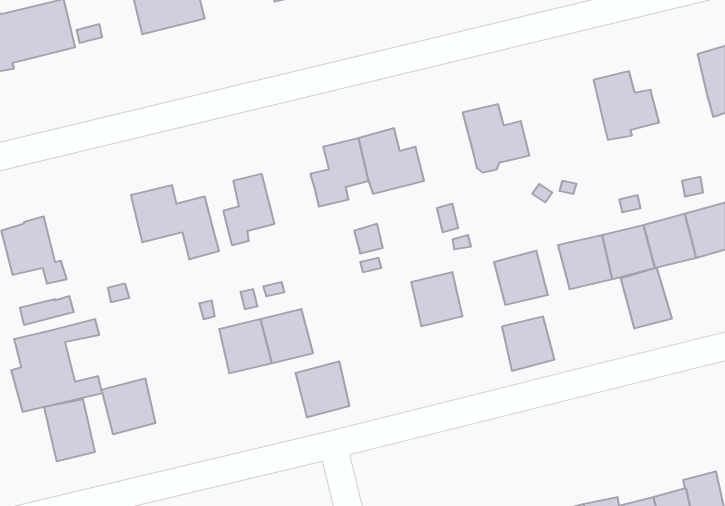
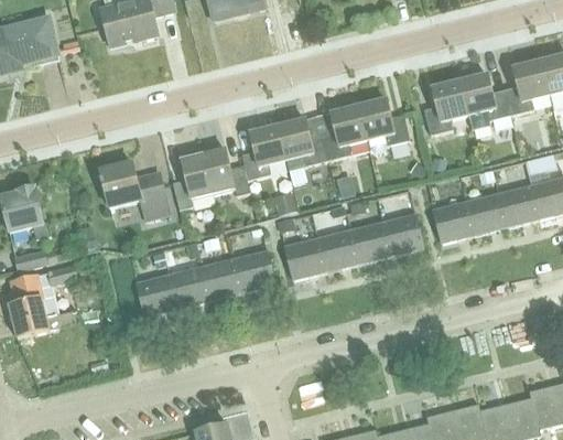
building: none -> [504,61,548,114]
building: none -> [423,81,467,133]
building: none -> [322,106,367,159]
building: none -> [203,148,250,194]
building: [621,267,672,329] -> none
building: none -> [284,237,326,279]
building: [502,317,555,371] -> [350,222,391,264]
building: [295,362,349,417] -> [234,249,275,292]
building: [101,379,156,434] -> [136,273,177,316]
building: [44,399,95,461] -> none

